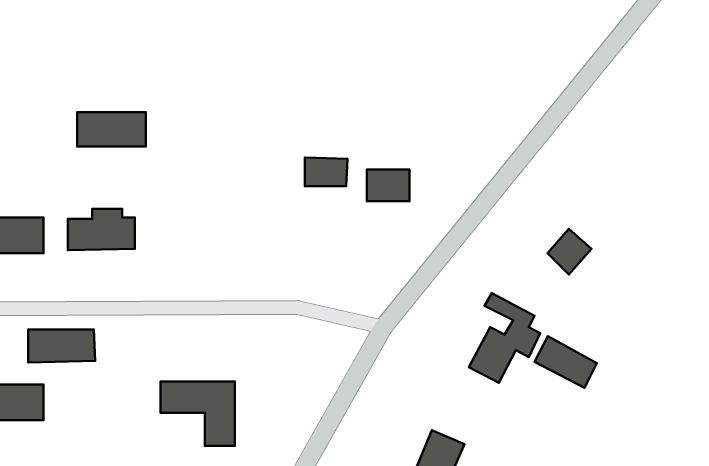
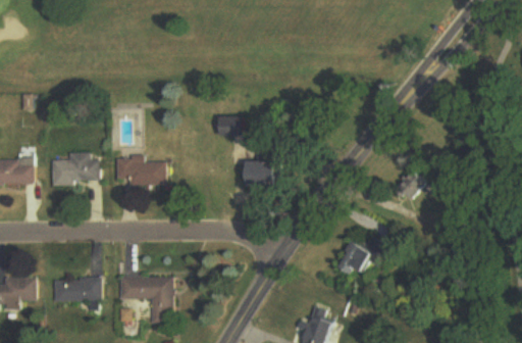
building: [77,112,146,146] -> [116,160,165,185]
building: [367,170,410,201] -> [247,161,277,184]
building: [28,330,95,362] -> [51,278,99,301]
building: [534,336,597,388] -> none

